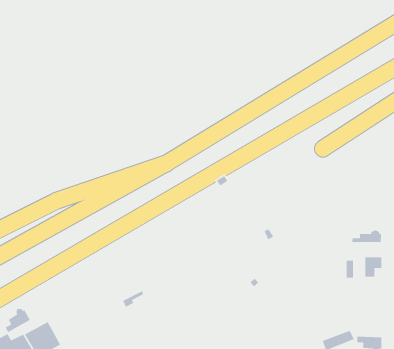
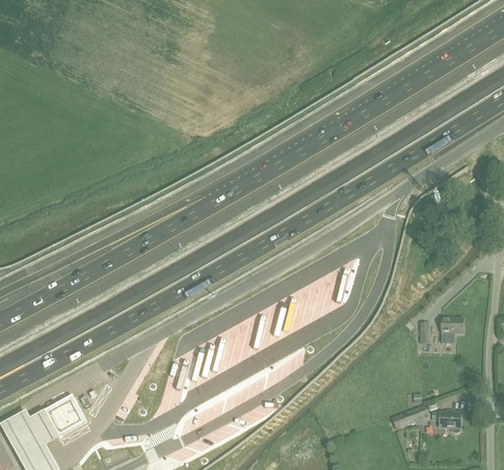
building: [352,230,382,243] -> none
building: [5,308,31,333] -> none

